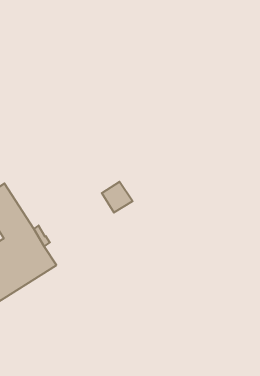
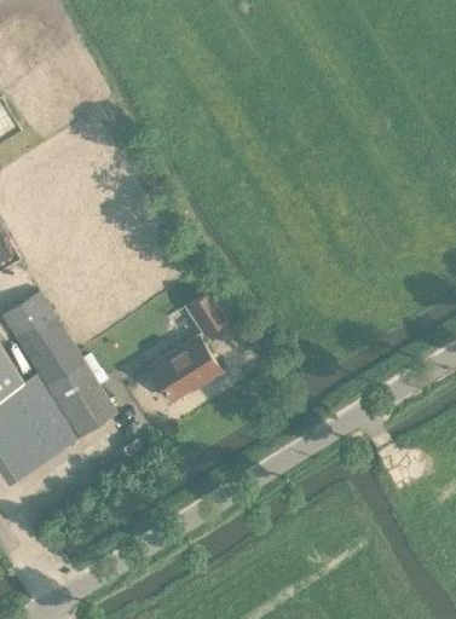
building: none -> [149,336,223,403]

